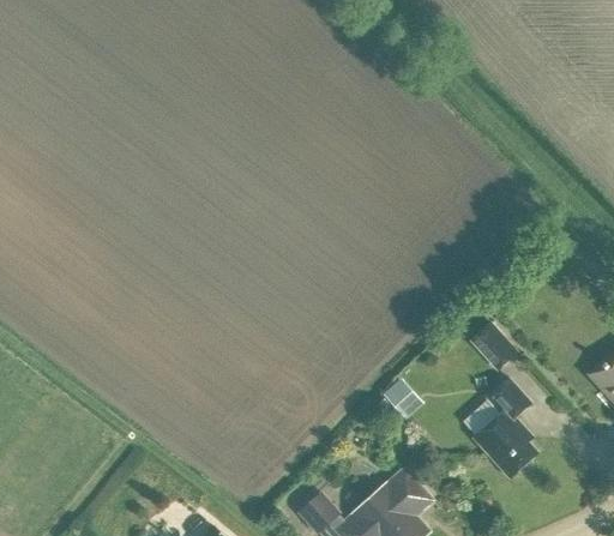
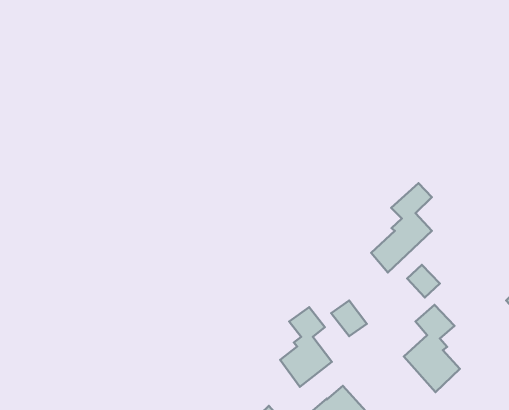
building: none -> [371,183,432,273]
building: none -> [280,307,332,387]

